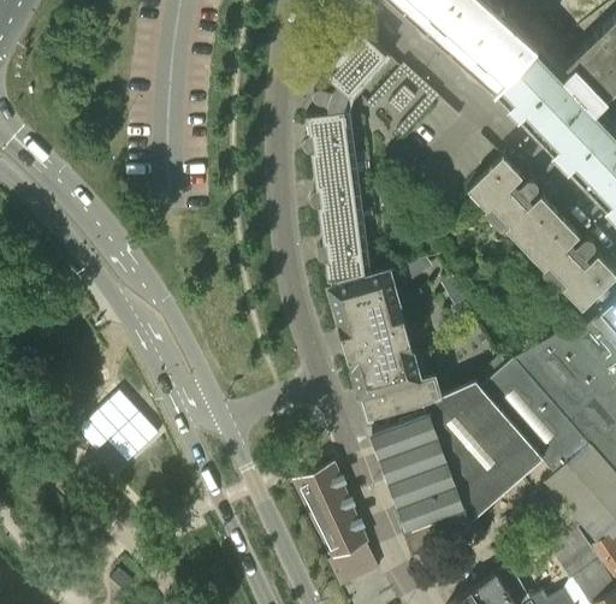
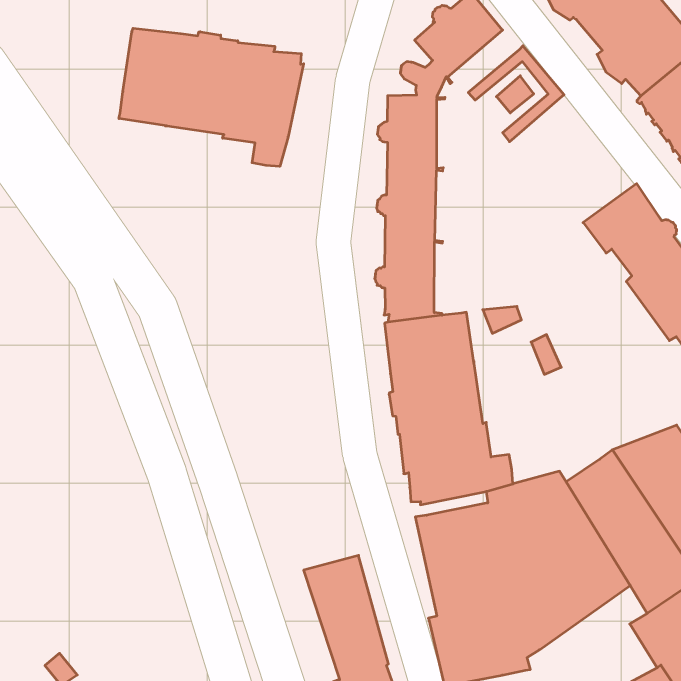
building: none -> [119,28,304,166]
building: [78,392,160,464] -> none

